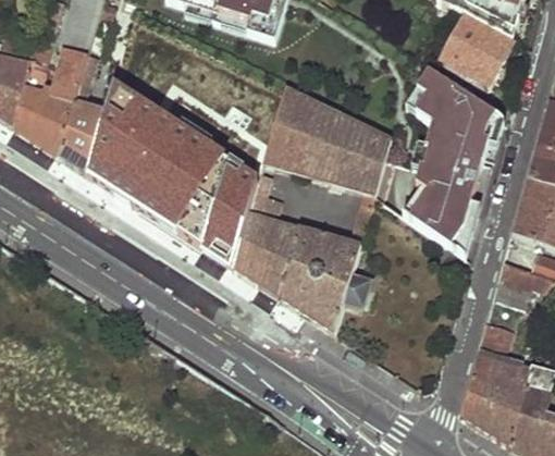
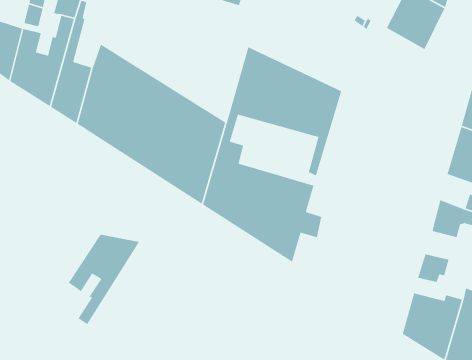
building: [398,70,494,256] -> none
building: none -> [68,234,140,325]

